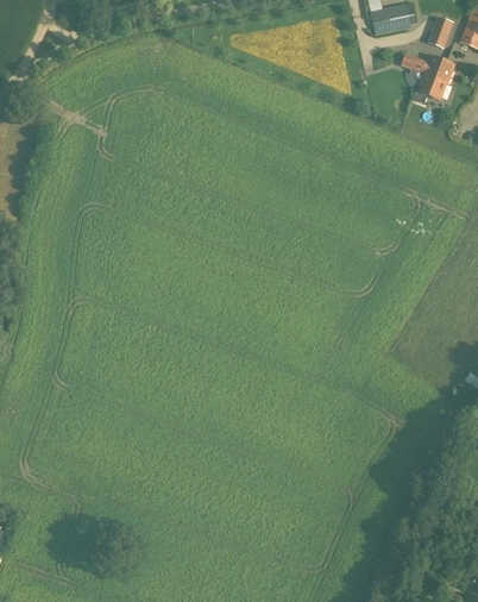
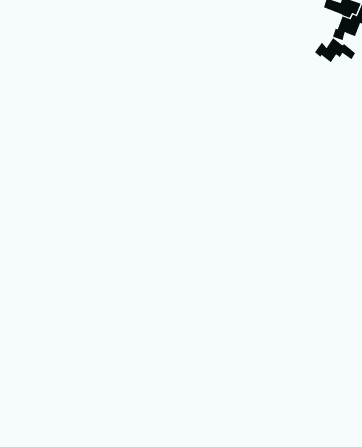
building: none -> [314,37,356,63]

